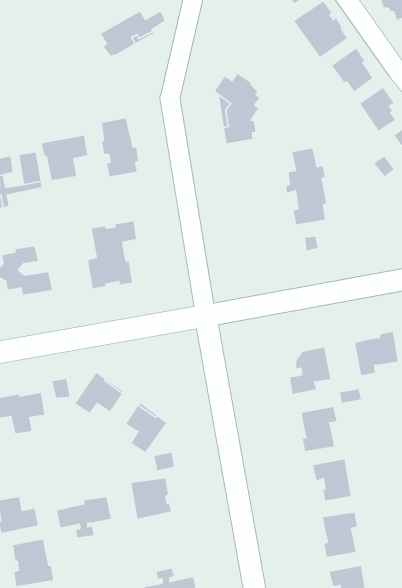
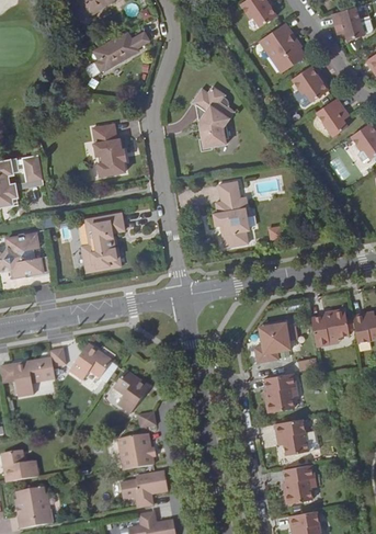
building: [41,135,88,181] -> none
building: [285,148,327,225] -> [212,182,248,249]
building: [56,496,112,538] -> [121,471,169,508]

